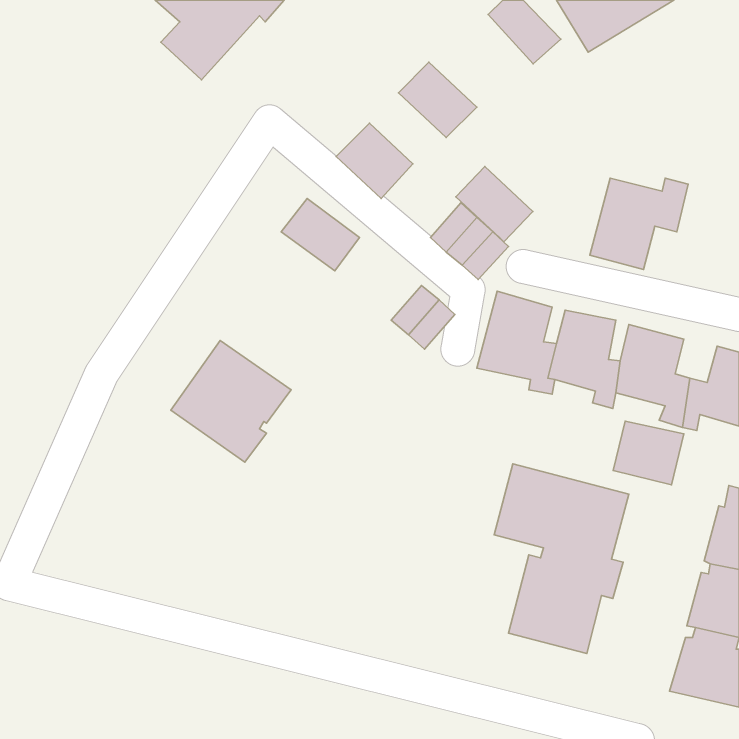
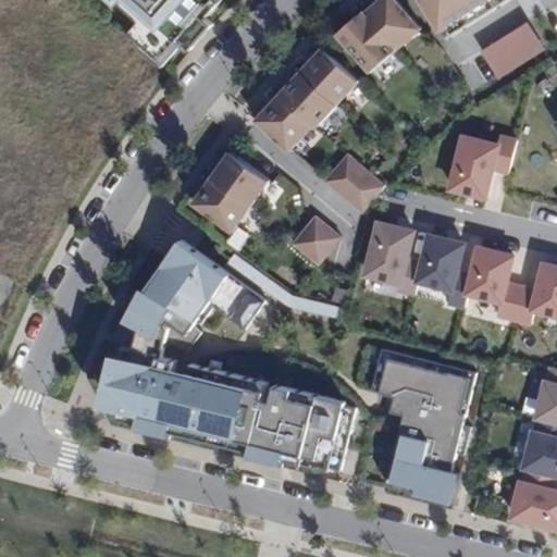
building: none -> [345,12,400,69]
building: none -> [474,18,539,74]
building: [456,167,533,242] -> [277,71,335,127]
building: none -> [193,175,251,230]
building: none -> [165,236,257,314]
building: [613,421,684,485] -> none
building: none -> [102,339,352,463]

